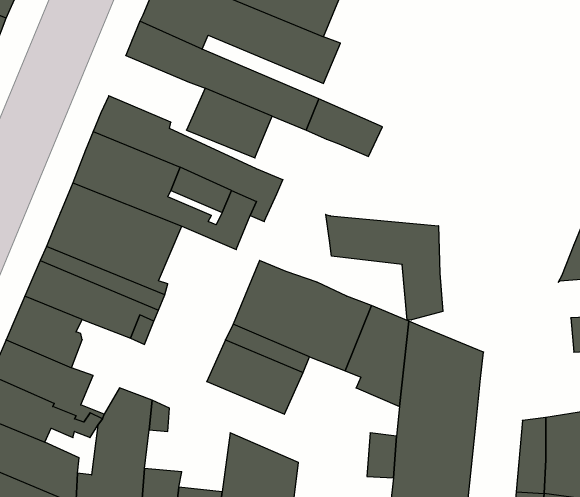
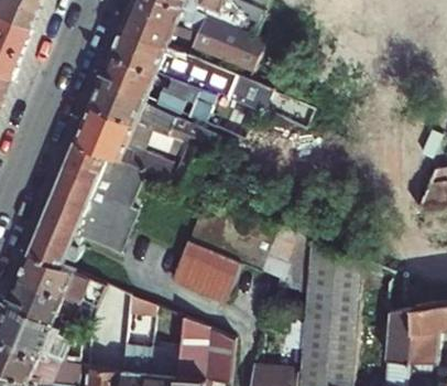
building: none -> [99,51,155,98]
building: [326,214,443,320] -> none

